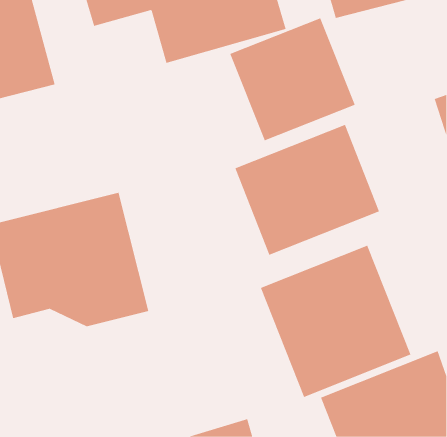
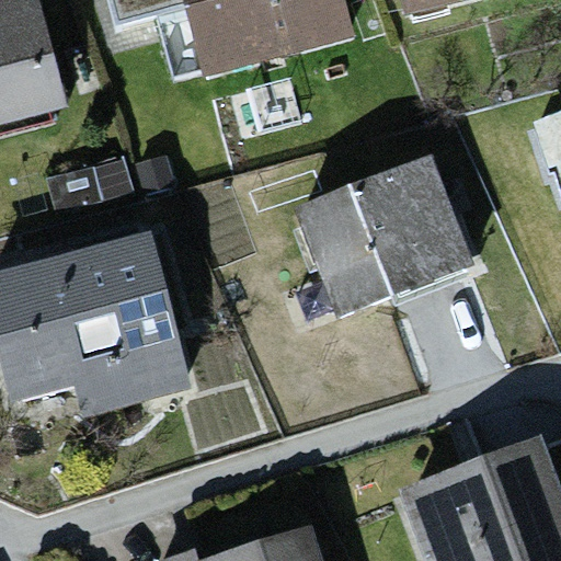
building: [230,18,355,141] -> none
building: [260,245,411,398] -> none

